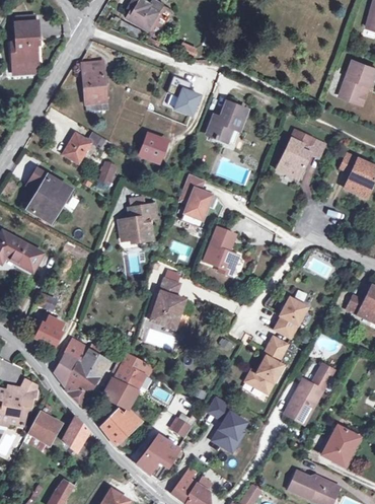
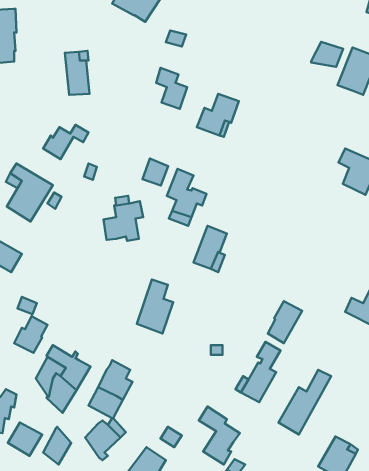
building: none -> [311,42,343,67]
building: [277,130,324,178] -> none
building: [140,135,164,160] -> [142,159,168,186]

